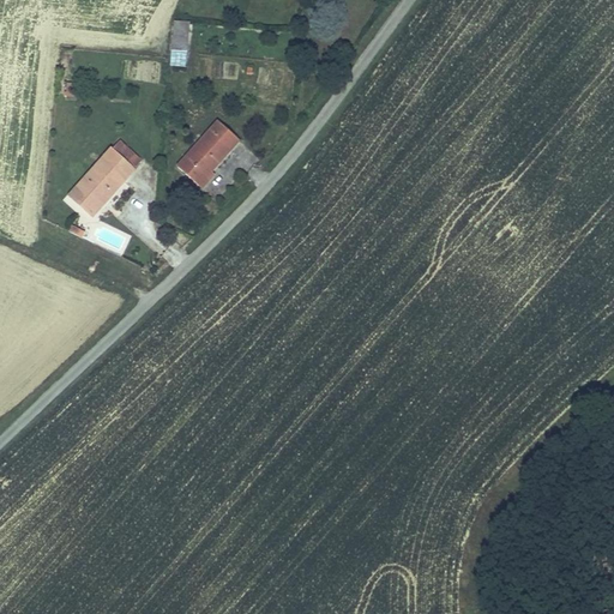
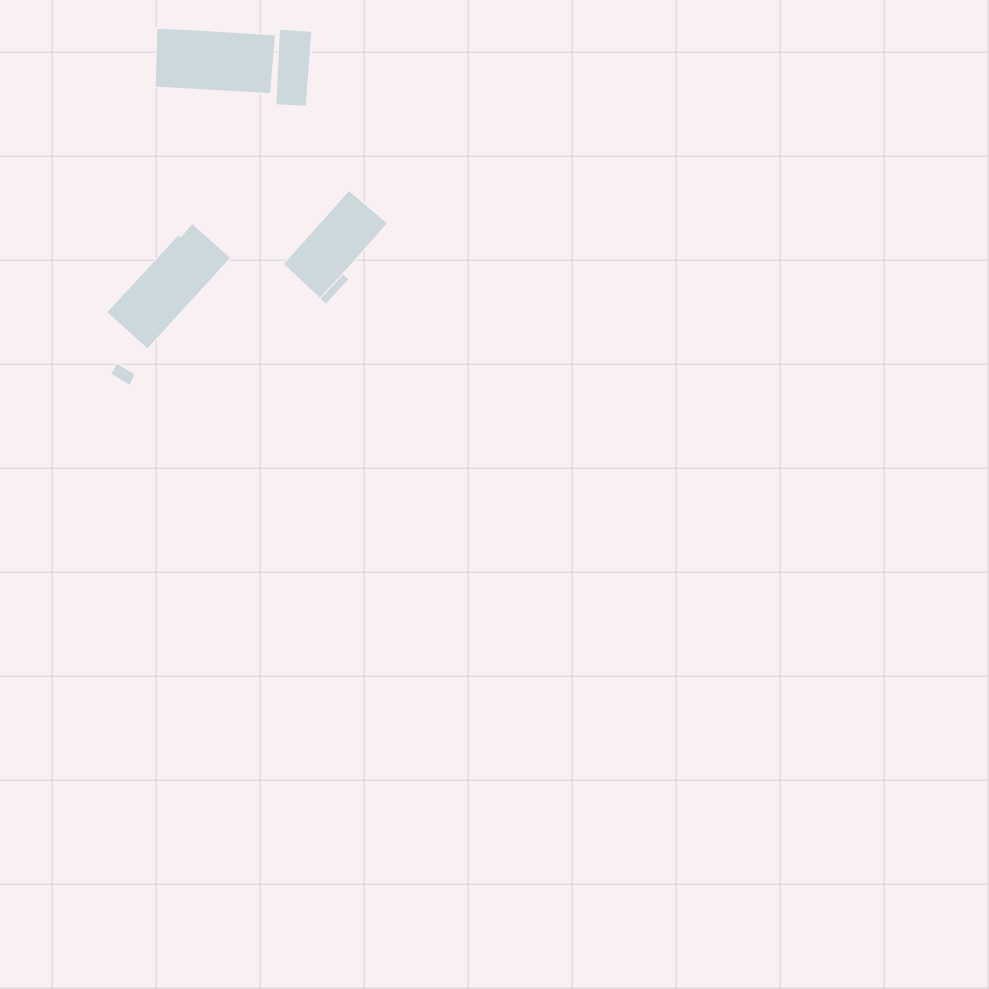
building: none -> [155,28,276,94]

